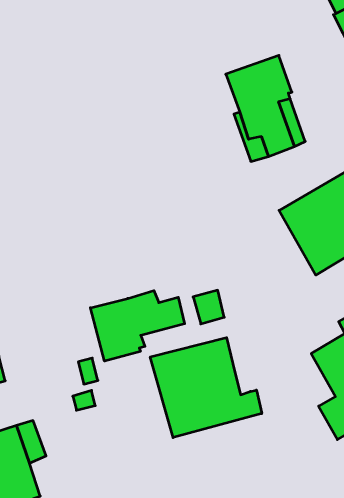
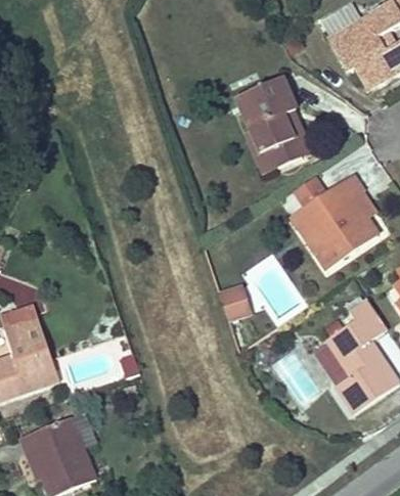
building: [90,291,185,361] -> none
building: [150,338,262,438] -> none

